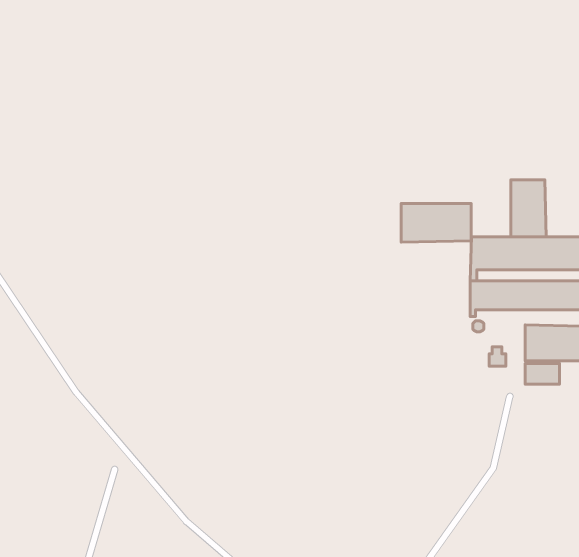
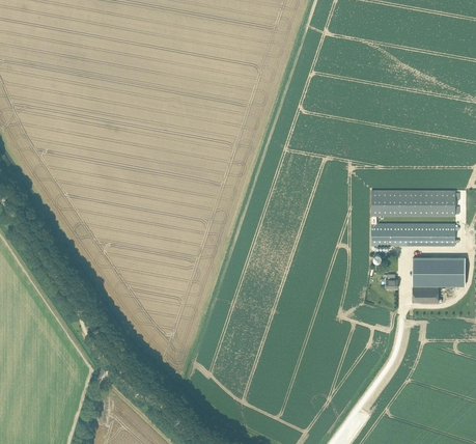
building: [511,180,546,237] -> none
building: [401,203,471,242] -> none

